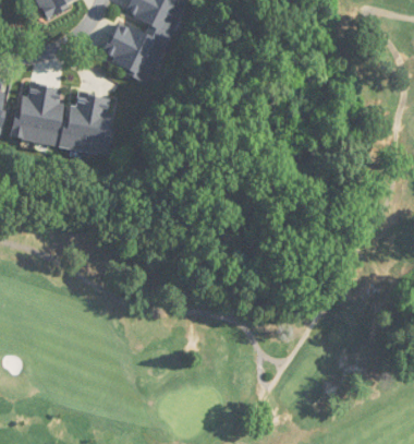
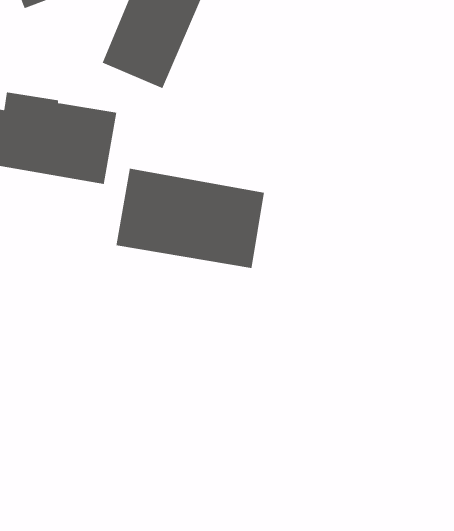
building: none -> [116,168,265,269]

